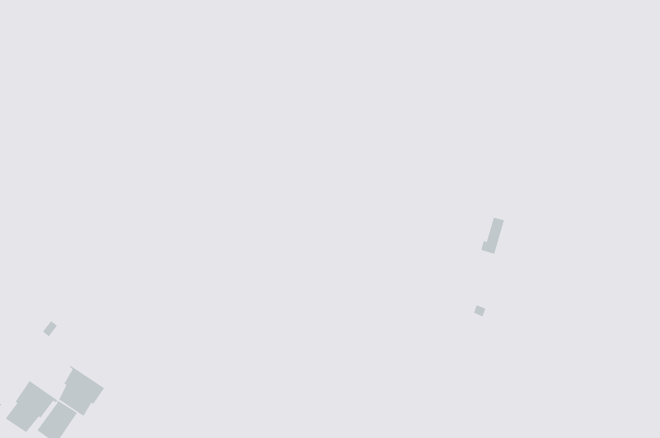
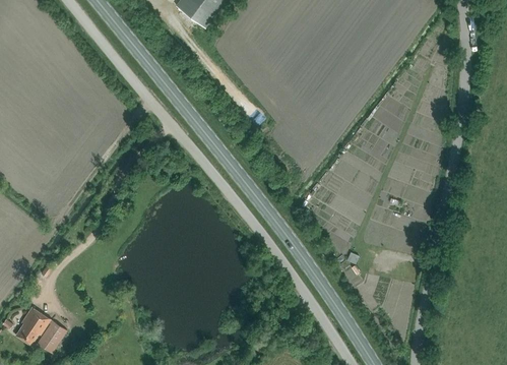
building: [59,365,105,417] -> none

